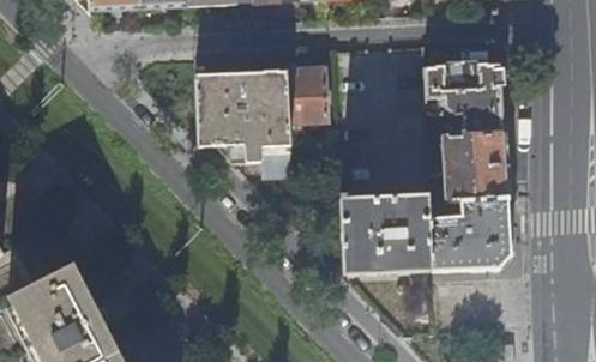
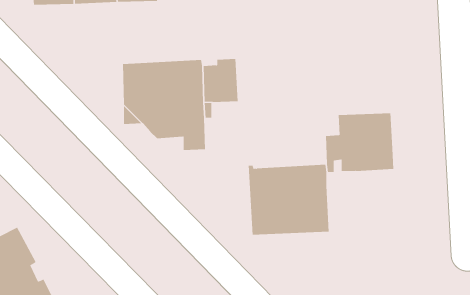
building: [423,62,504,137] -> none
building: [431,198,511,270] -> none

